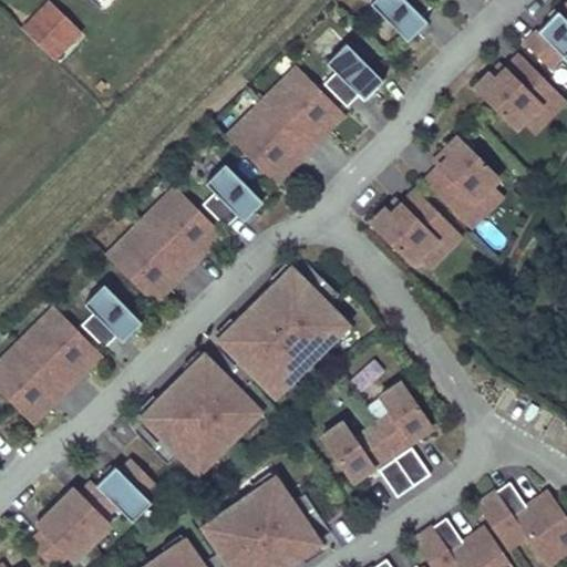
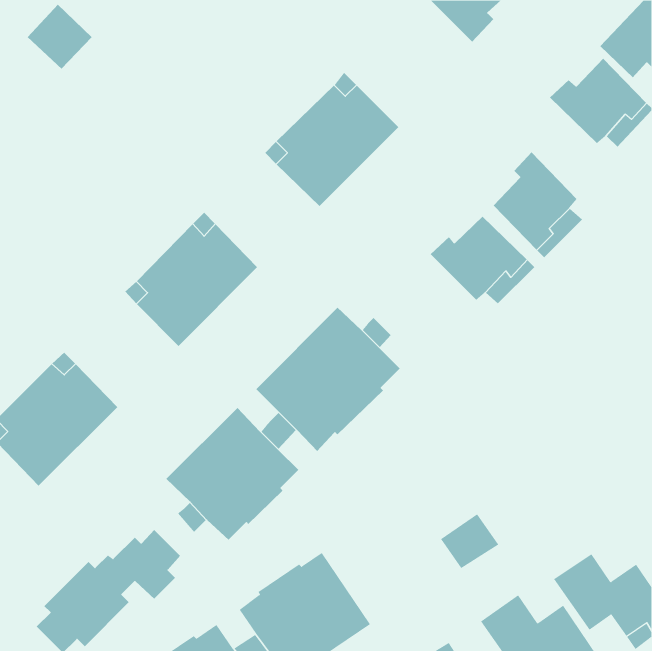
building: [323,43,383,106] -> none
building: [203,164,262,227] -> none
building: [82,285,142,348] -> none
building: [322,382,433,482] -> none

